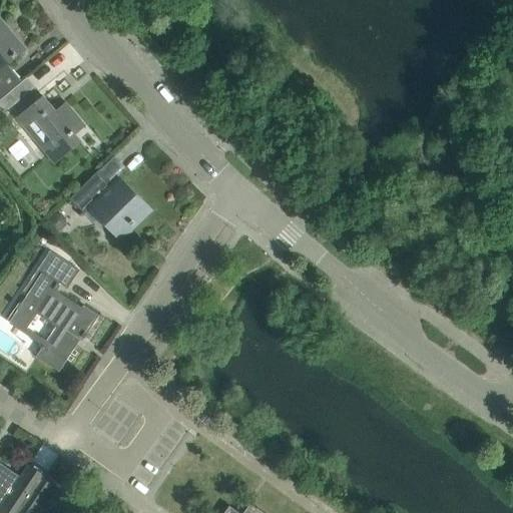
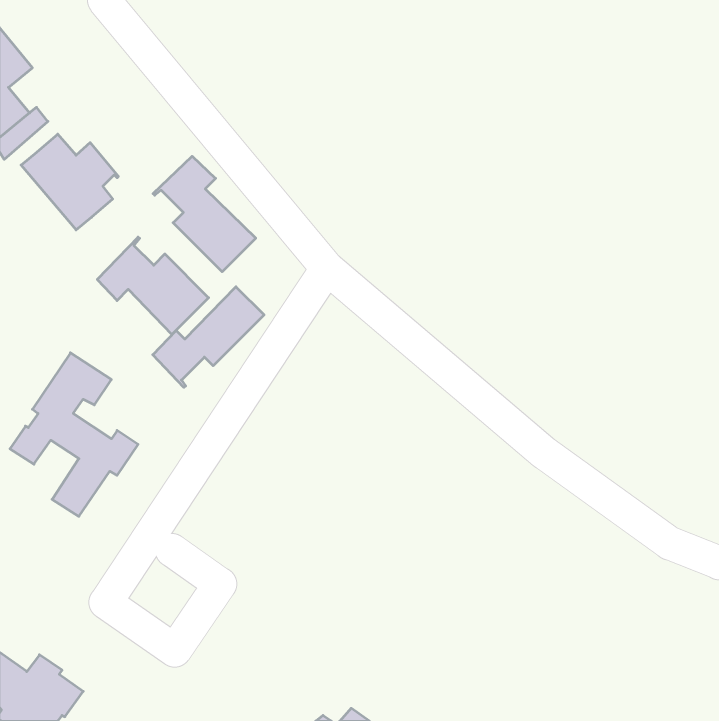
building: none -> [153,156,256,272]
building: none -> [153,287,264,387]

